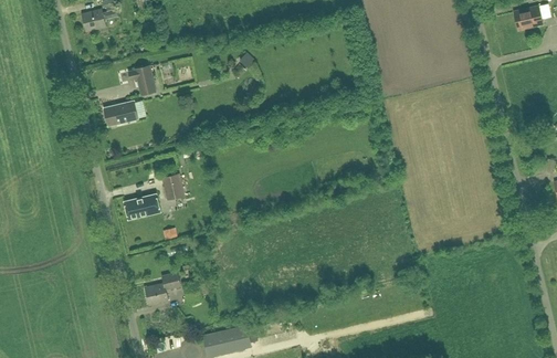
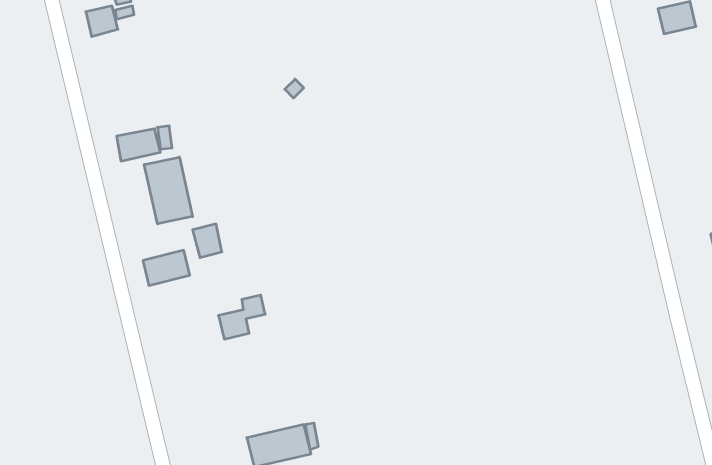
building: [127,66,156,96] -> none
building: none -> [144,157,193,224]
building: [144,272,179,305] -> [218,295,265,339]

